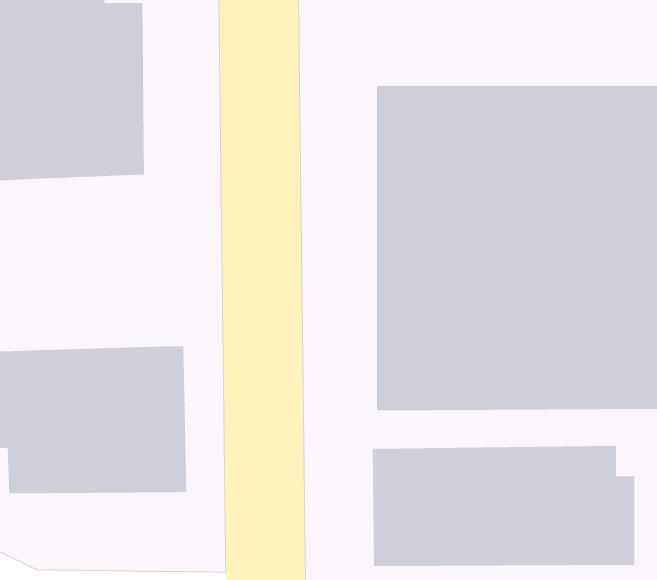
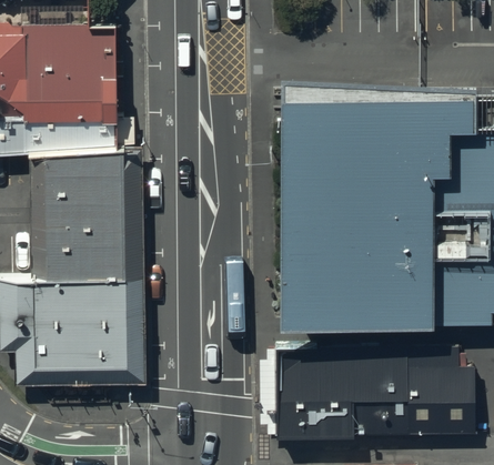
building: none -> [28,150,143,280]

